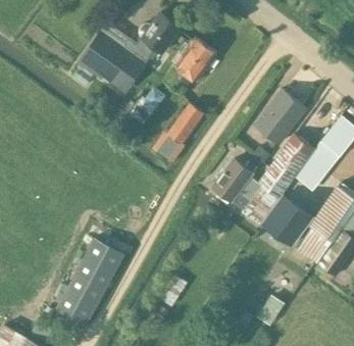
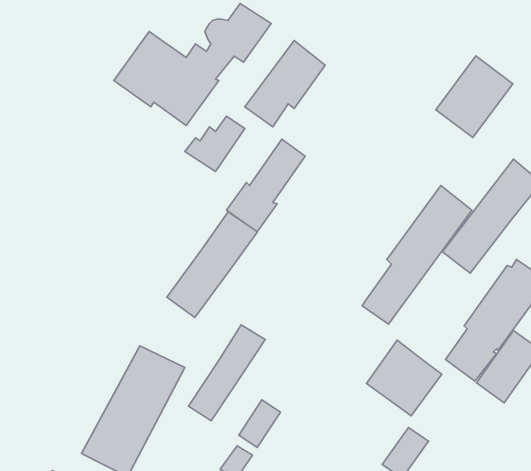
building: [255,89,306,143] -> [436,56,513,138]
building: none -> [167,212,258,317]
building: [213,159,260,209] -> none
building: [262,195,312,245] -> [366,340,442,416]
building: none -> [188,325,265,421]

